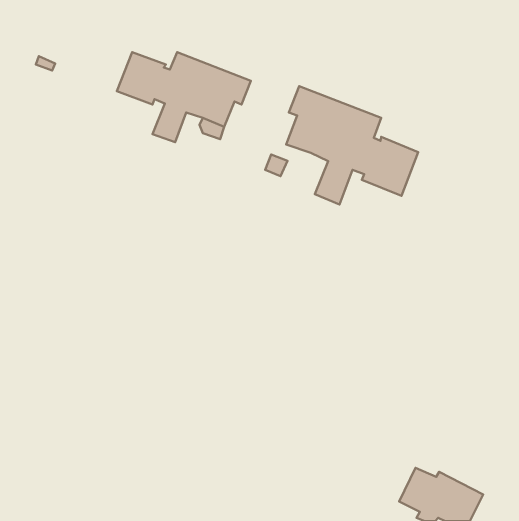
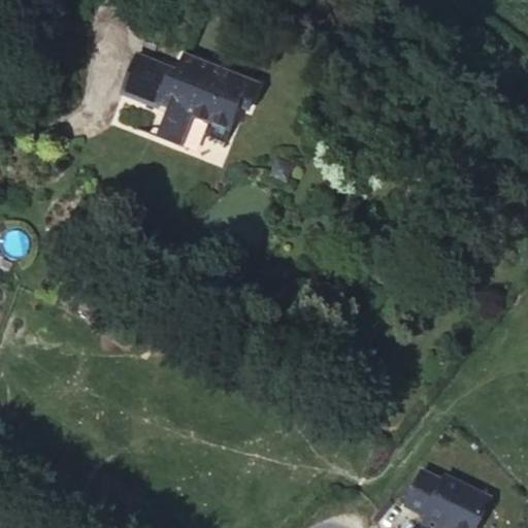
building: [286,86,418,205] -> none

